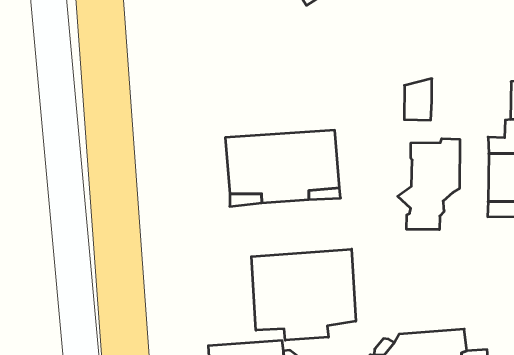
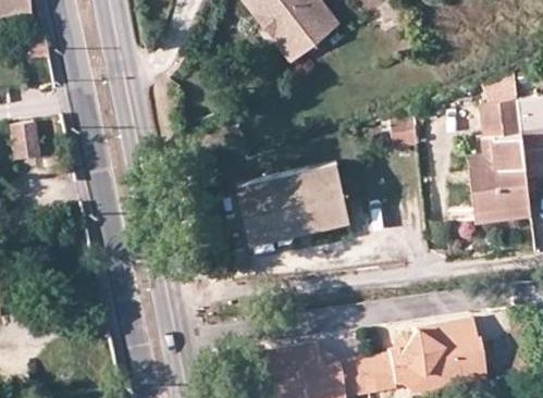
building: [398,139,460,230] -> none
building: [251,249,356,340] -> none

